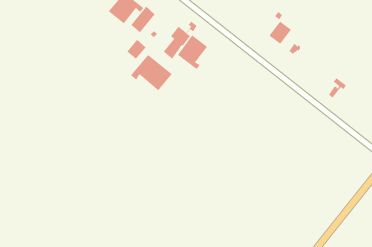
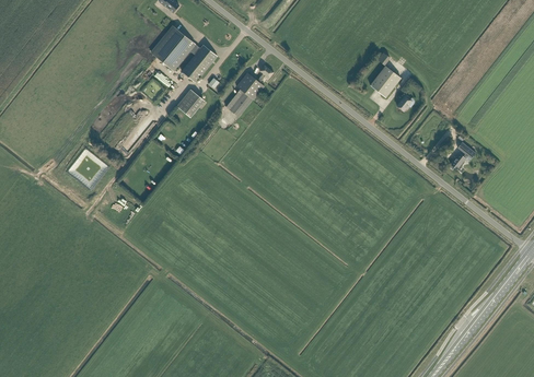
building: [177,35,208,70] -> none
building: [130,54,173,91] -> none

